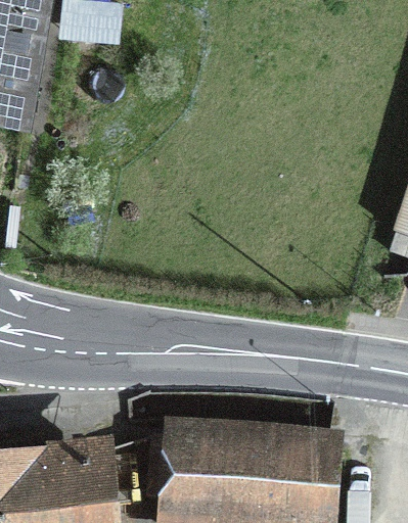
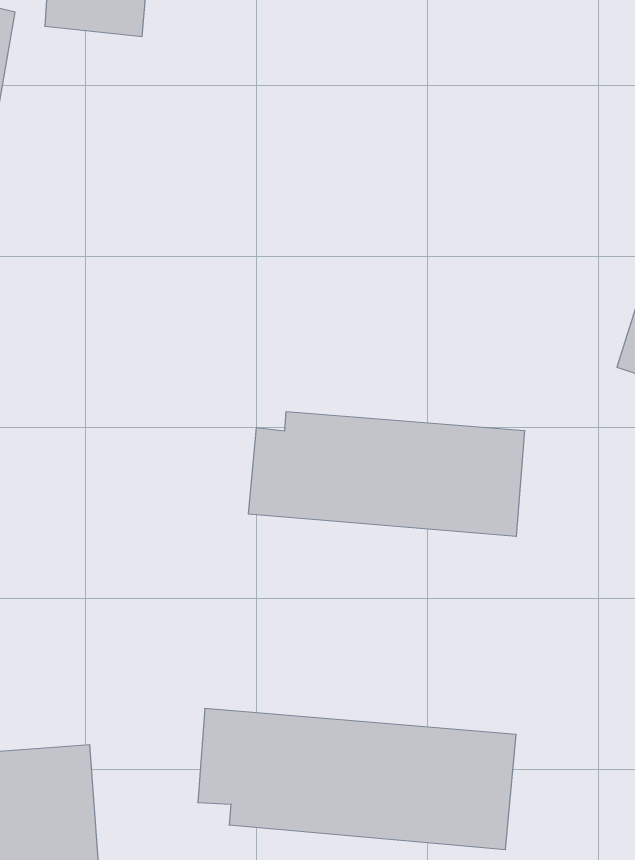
building: none -> [248,412,524,537]

